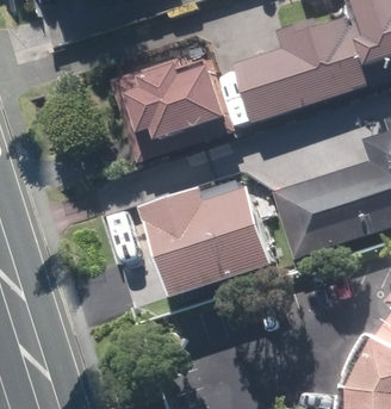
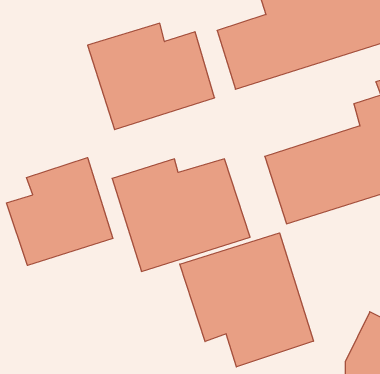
building: none -> [7,158,113,265]
building: none -> [180,233,313,367]

